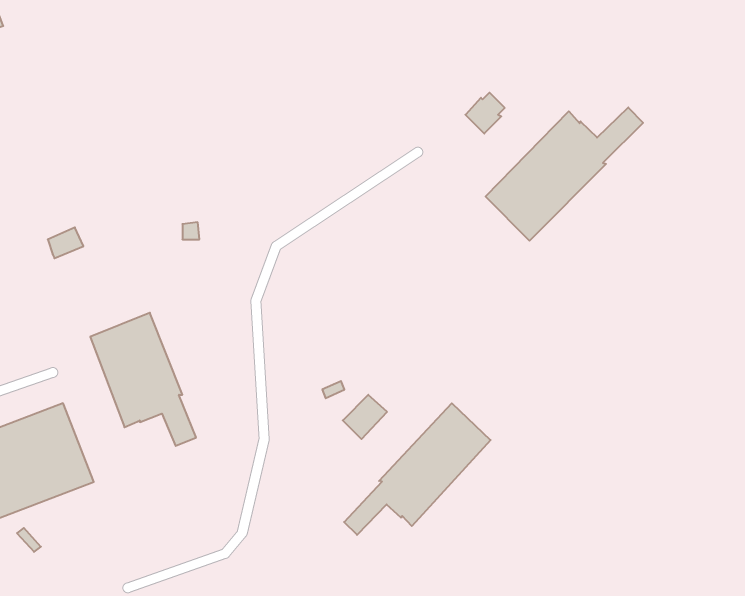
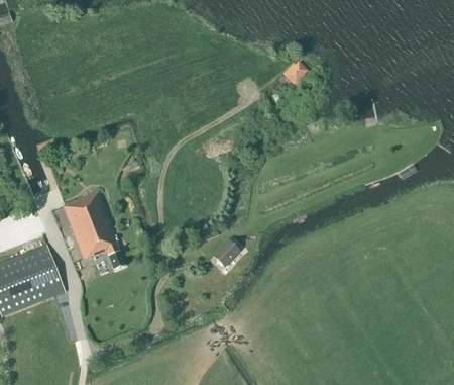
building: [486,107,643,241] -> none
building: [344,403,491,535] -> none

